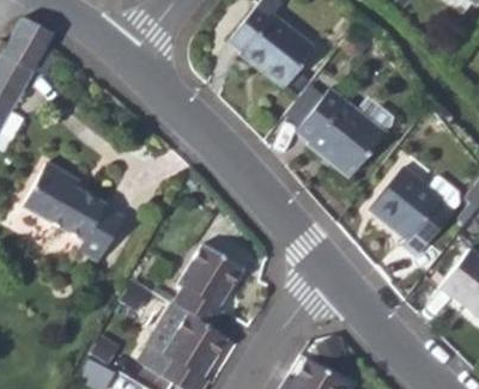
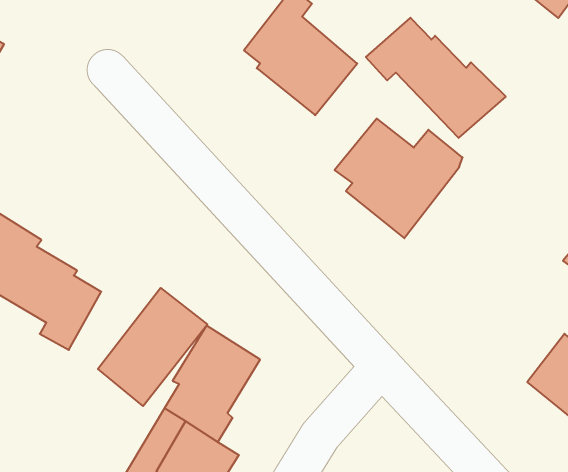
building: none -> [366,18,506,138]
building: [370,166,459,256] -> none
building: none -> [98,288,207,406]

